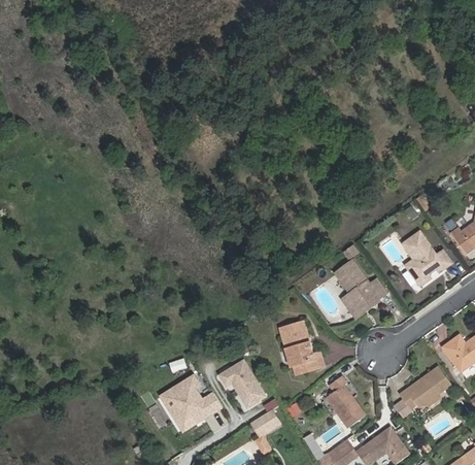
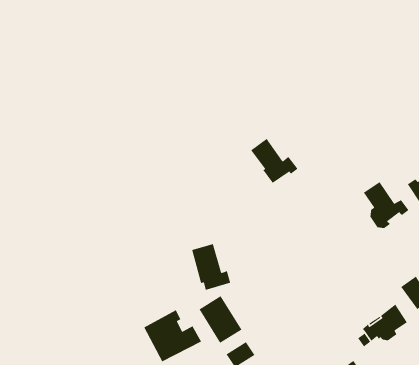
building: [334,260,387,310] -> [250,138,299,184]
building: [279,322,324,374] -> [191,243,231,291]
building: [327,375,366,427] -> none

